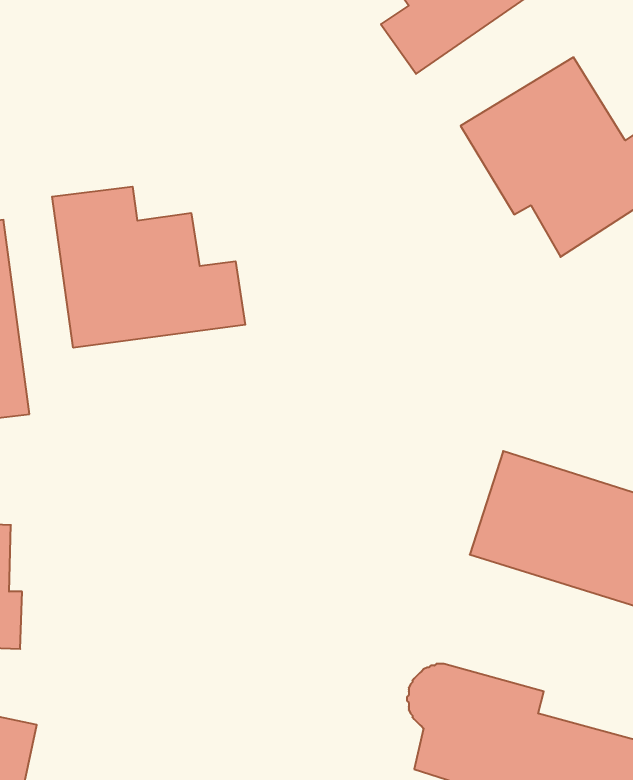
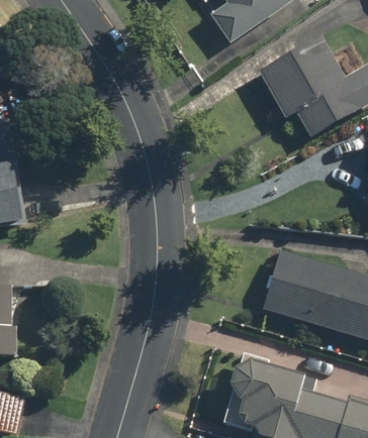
building: [52,187,245,348] -> none

